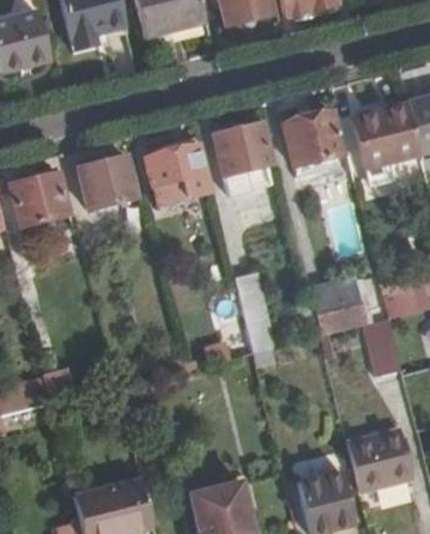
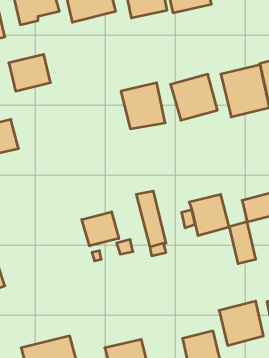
building: [143,145,210,208] -> none
building: [78,156,137,207] -> [9,54,51,91]
building: none -> [82,212,119,246]

